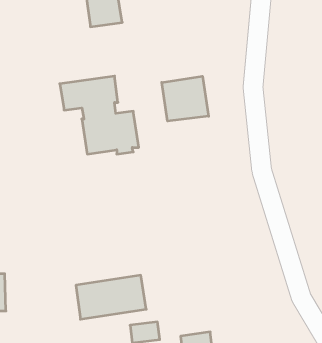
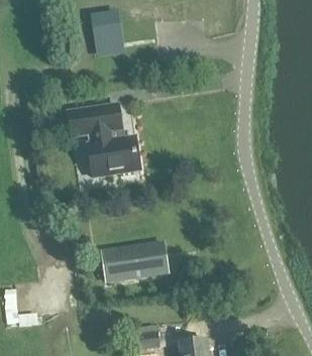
building: [162,76,209,121] -> none
building: [76,275,146,319] -> [102,241,167,281]

